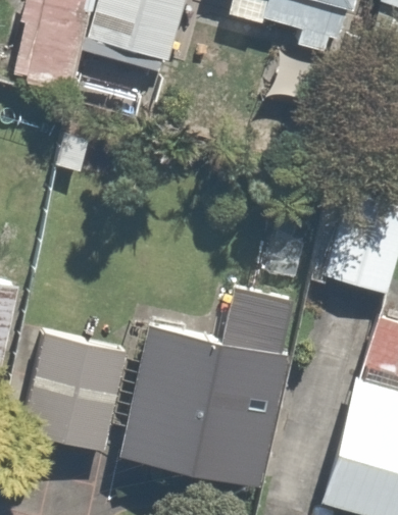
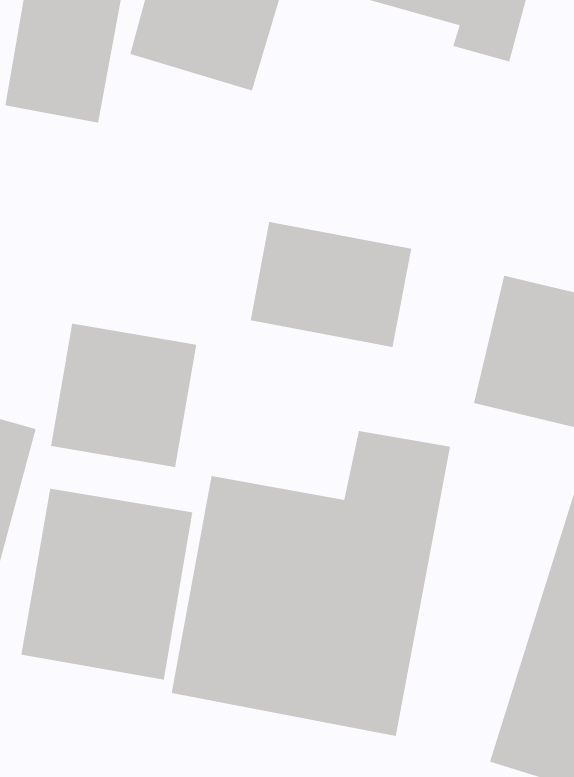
building: none -> [250,221,412,348]
building: none -> [51,323,197,468]

